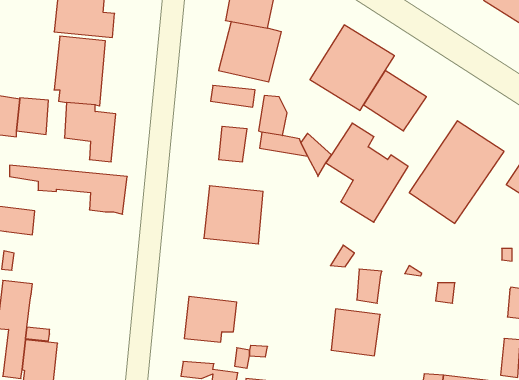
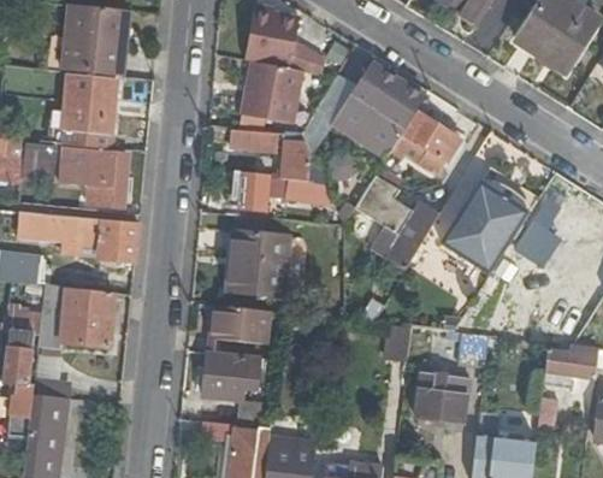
building: none -> [40,287,117,352]
building: none -> [211,303,267,343]
building: [331,309,380,356] -> [414,372,466,421]

